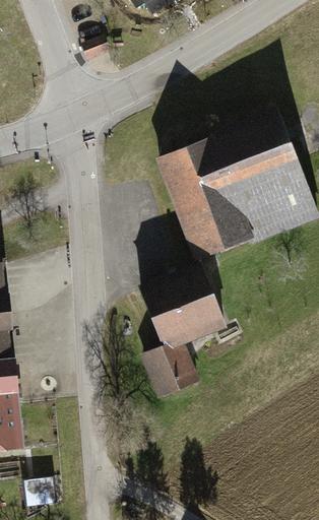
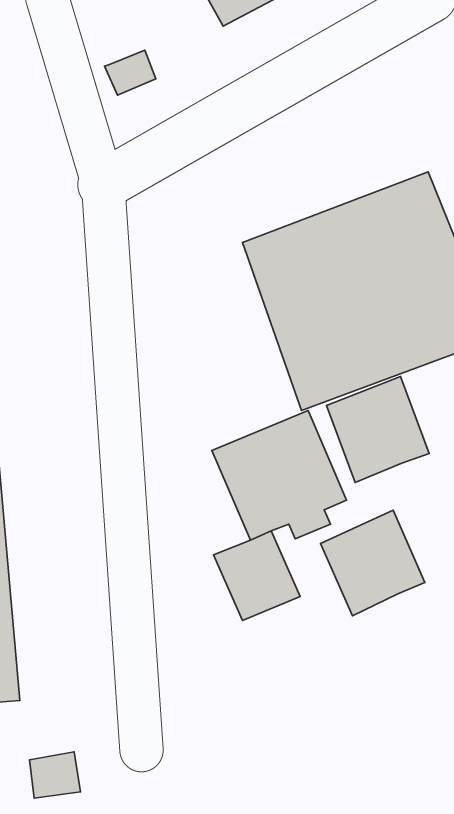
building: none -> [327,376,429,482]
building: none -> [321,510,425,616]

